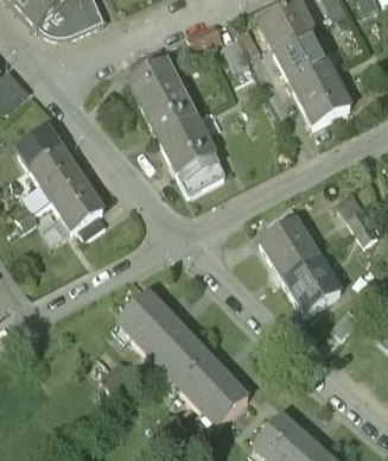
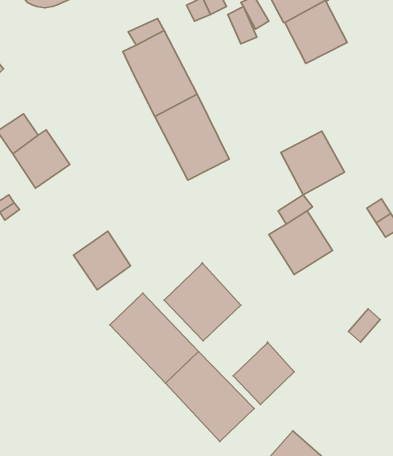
building: [293,68,350,125] -> [281,131,344,195]
building: [51,177,102,229] -> [73,231,130,290]
building: [282,254,341,311] -> none
building: none -> [164,263,241,341]
building: none -> [233,342,294,404]

